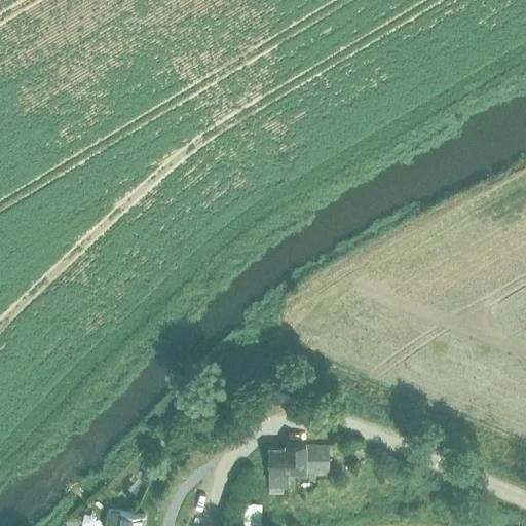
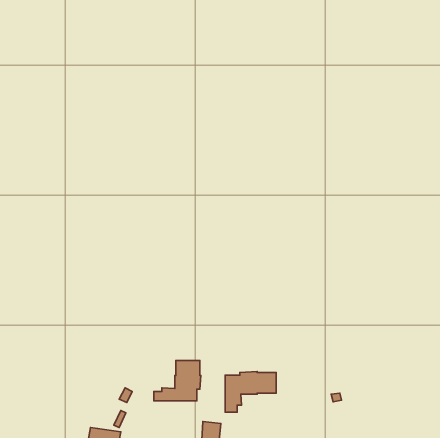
building: none -> [154,361,201,401]

